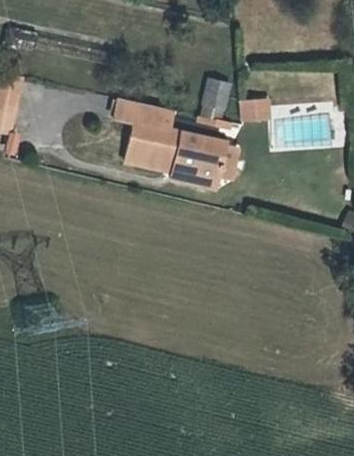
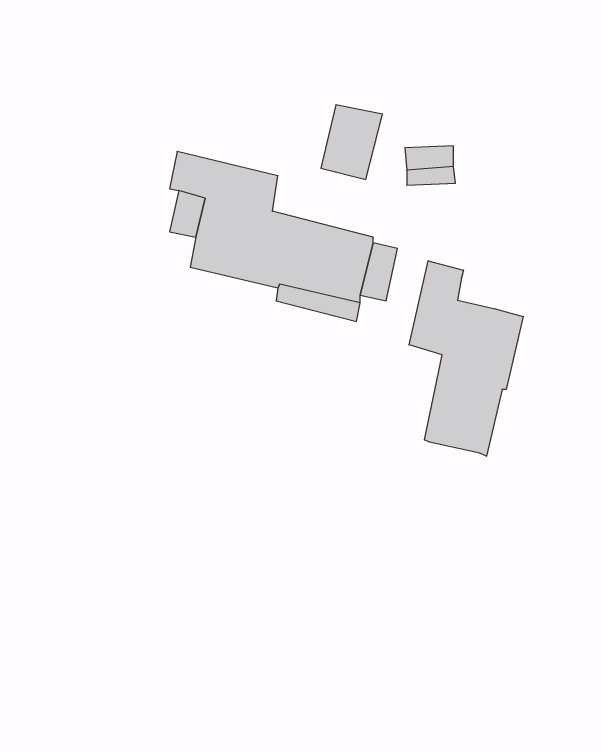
building: none -> [409,261,523,456]

